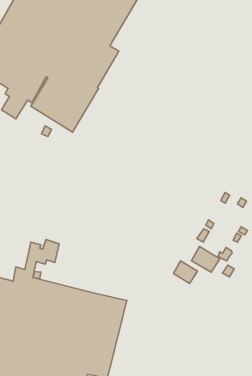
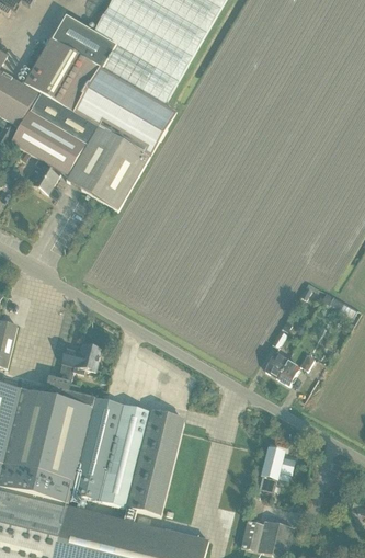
building: [173,261,197,283] -> none
building: none -> [259,449,294,492]

